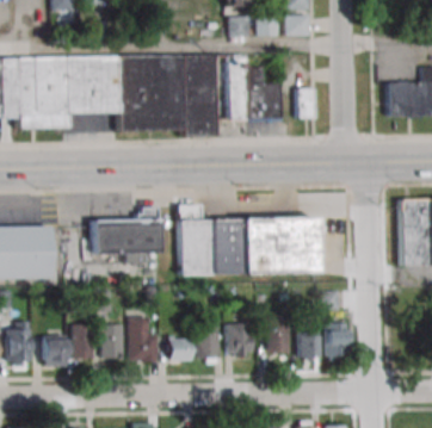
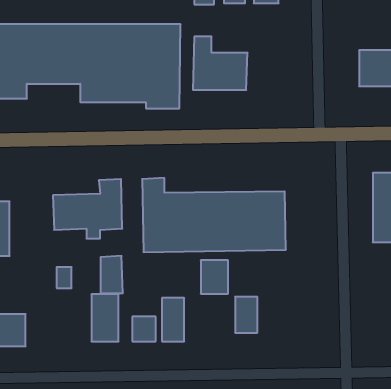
building: [296,88,313,118] -> none
building: [326,321,347,360] -> none
building: [72,323,92,358] -> none
building: [101,323,123,359] -> [101,256,123,293]
building: [227,323,253,355] -> [201,260,228,294]
building: [298,331,320,361] -> none

